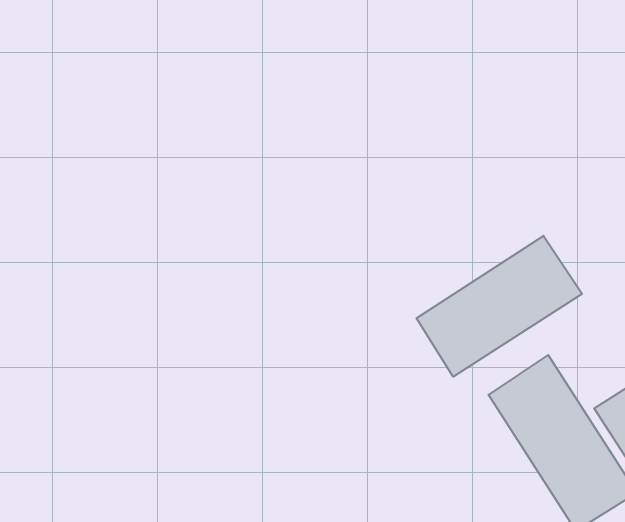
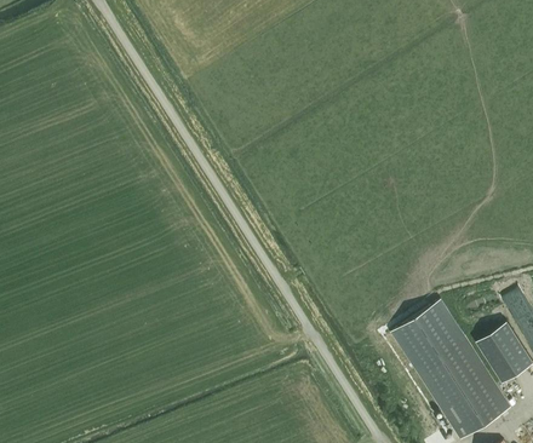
building: [417,236,582,377] -> none

